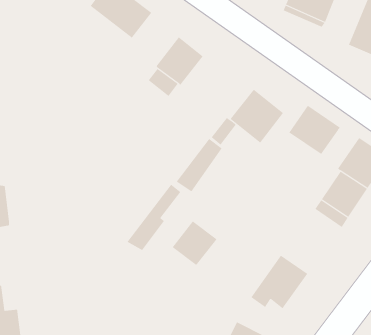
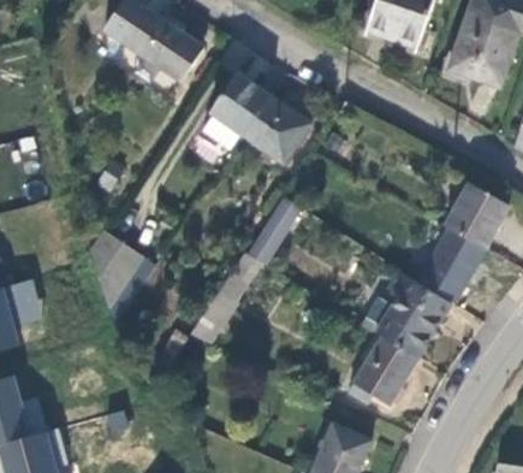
building: [230,89,284,143] -> [243,96,309,164]
building: [289,105,340,155] -> none
building: none -> [89,230,142,307]
building: none -> [375,272,451,359]
building: [172,220,217,266] -> none

